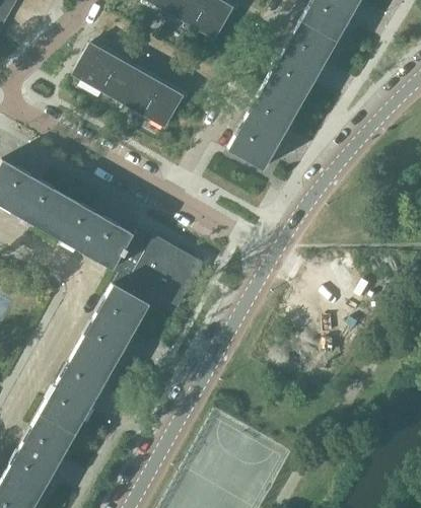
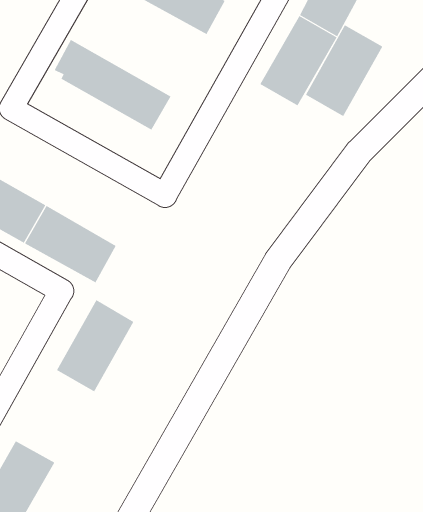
building: [228,85,300,170] -> [305,24,383,117]
building: [113,234,202,304] -> none
building: [40,349,113,434] -> none

